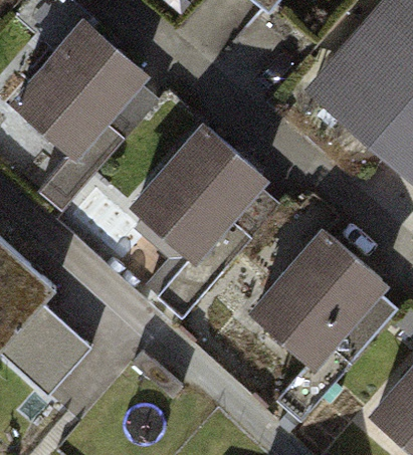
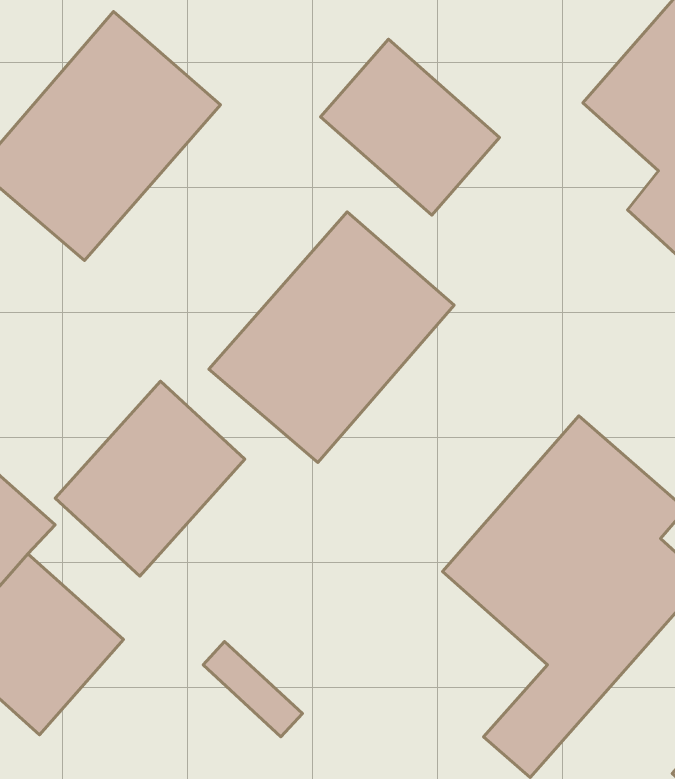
building: none -> [320,39,500,215]
building: none -> [55,381,245,576]

